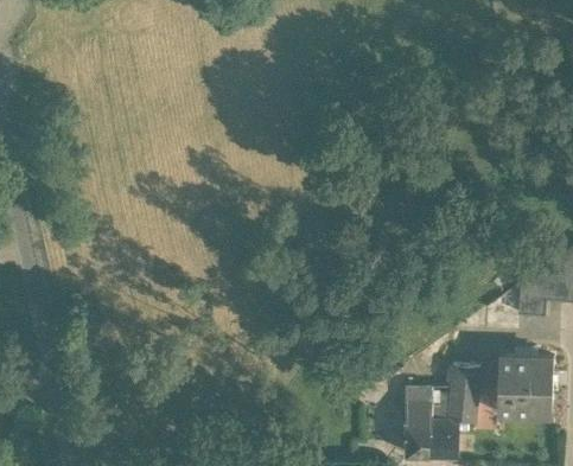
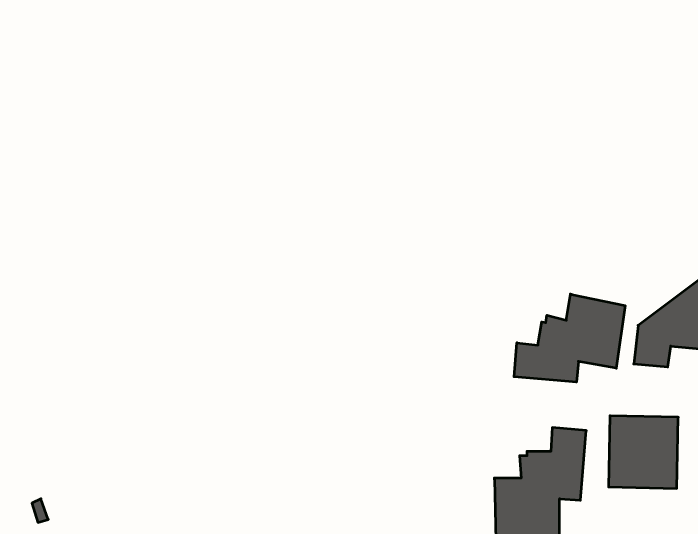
building: none -> [514,294,625,382]

